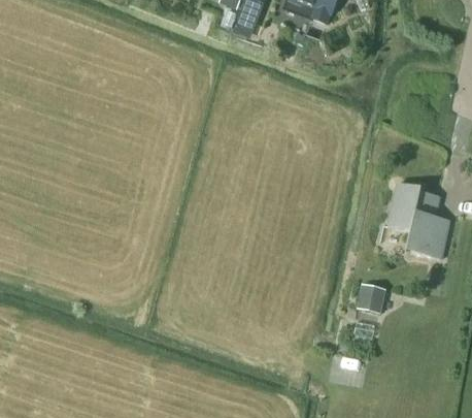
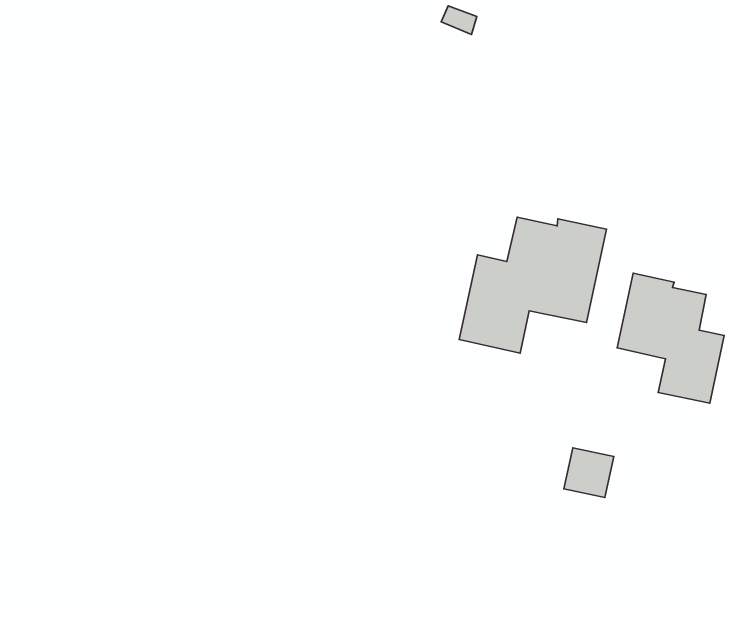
building: none -> [459,217,606,353]

